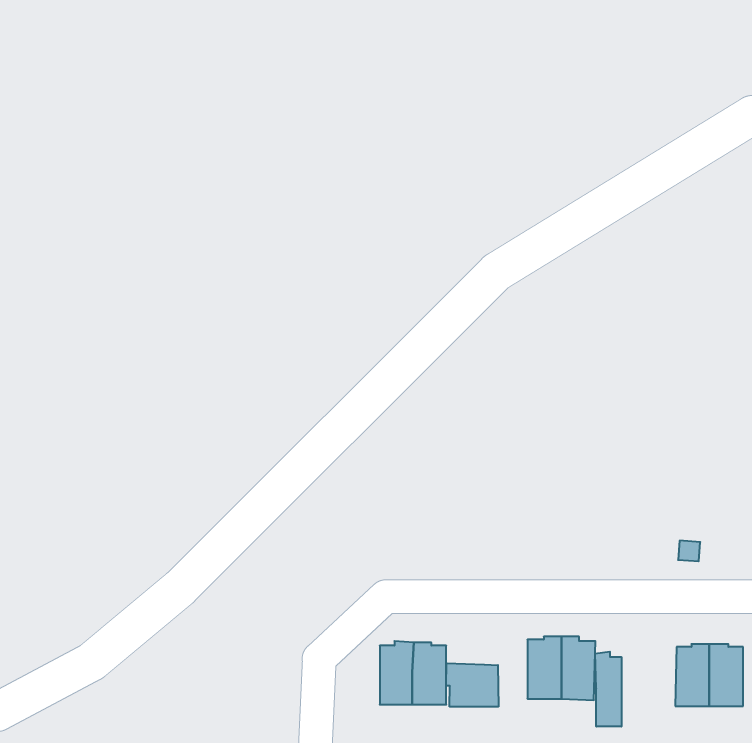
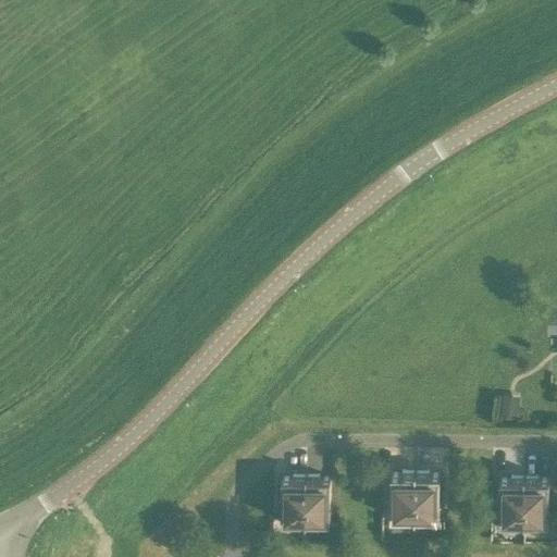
building: [595,652,621,727] -> none
building: [446,663,498,707] -> none

